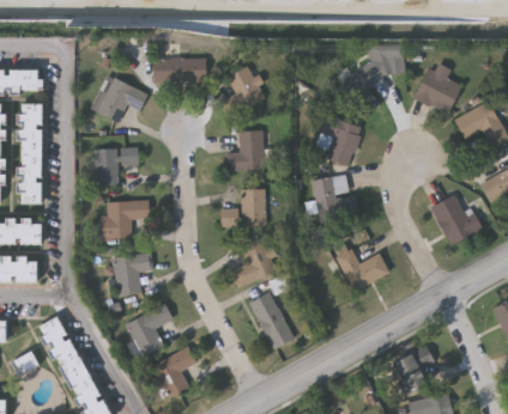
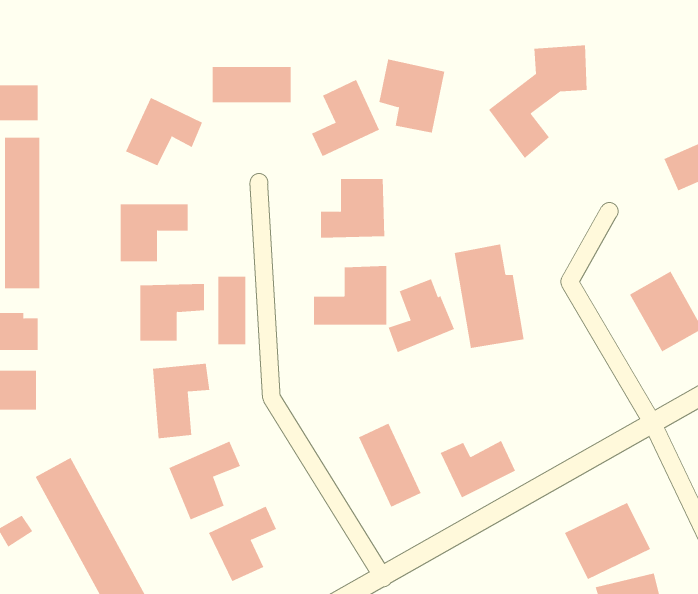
building: [415,61,460,114] -> none
building: [315,116,359,165] -> [378,59,445,133]
building: none -> [218,276,246,345]
building: [234,237,278,286] -> [388,279,455,353]
building: [338,252,388,291] -> [440,440,516,498]

